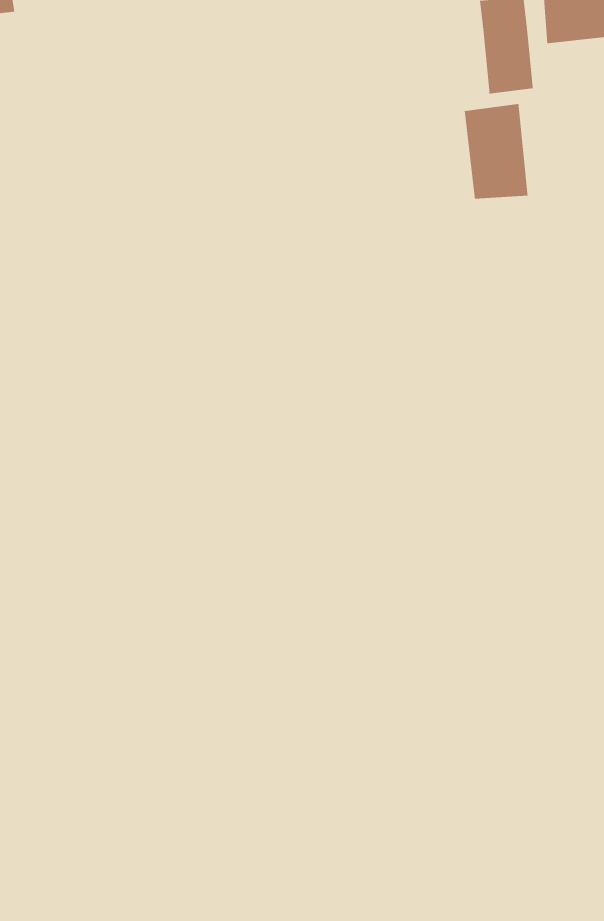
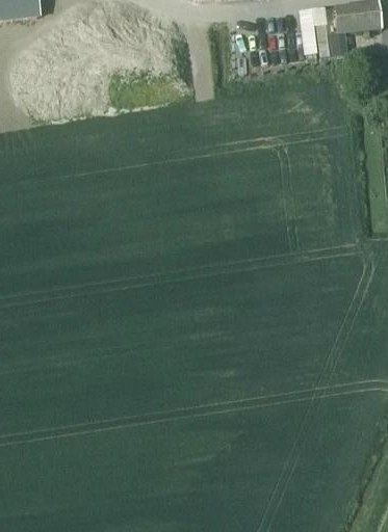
building: [464,103,528,199] -> none

